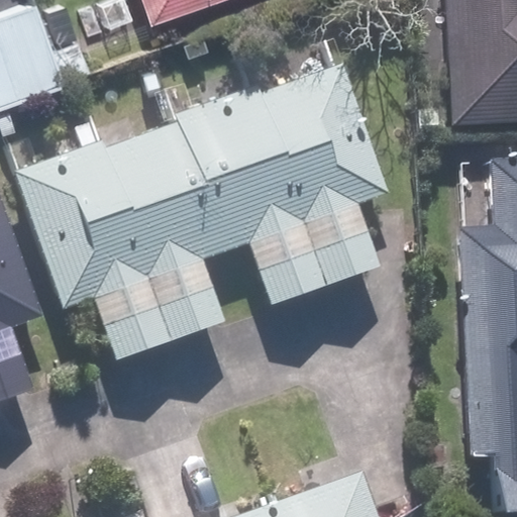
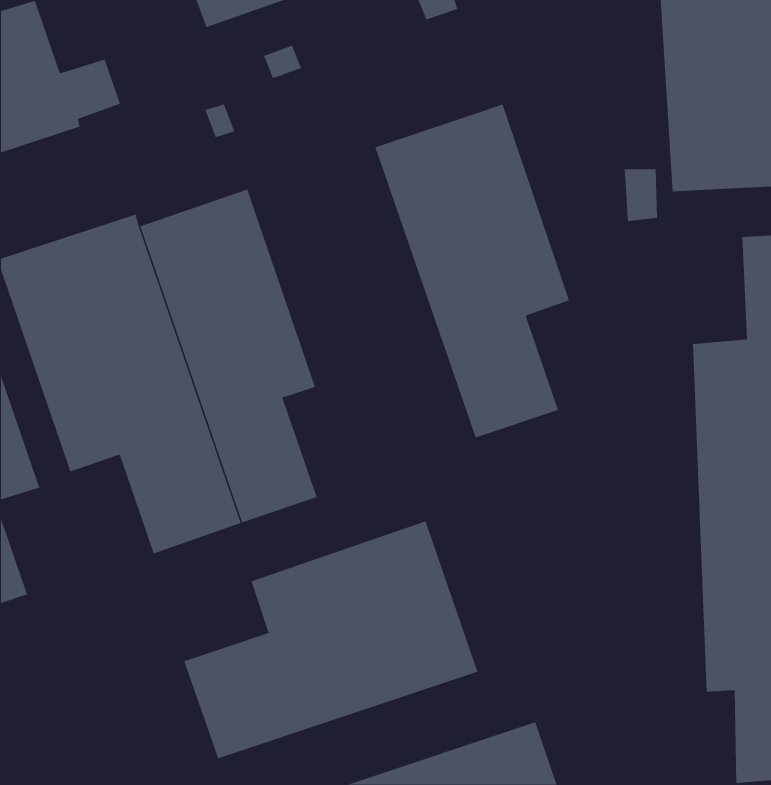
building: [172,87,323,304] -> none
building: none -> [183,520,478,759]

